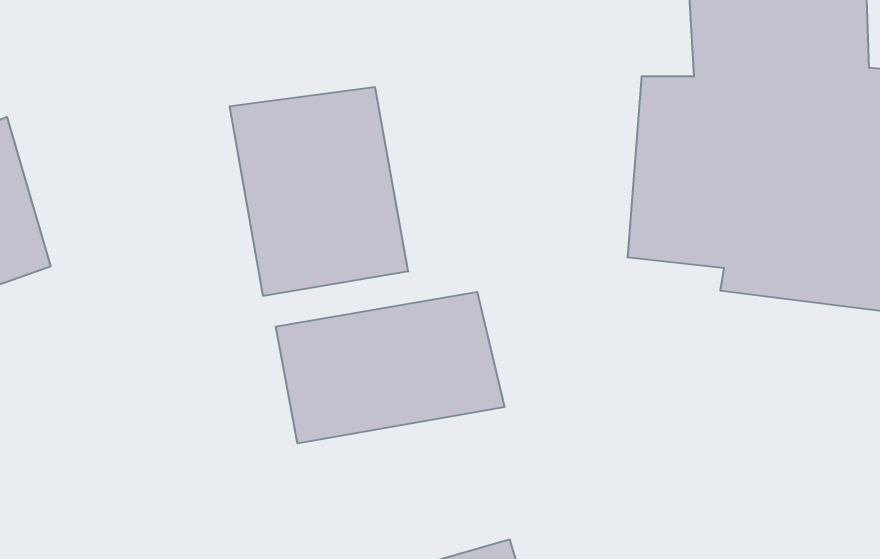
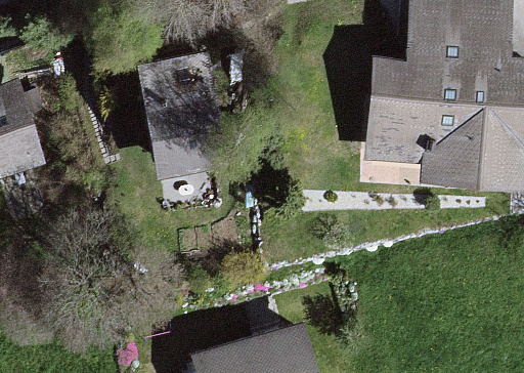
building: [276,292,504,443] -> none

